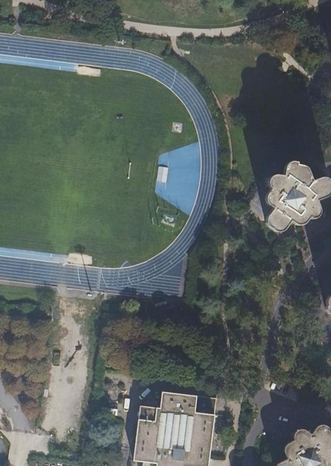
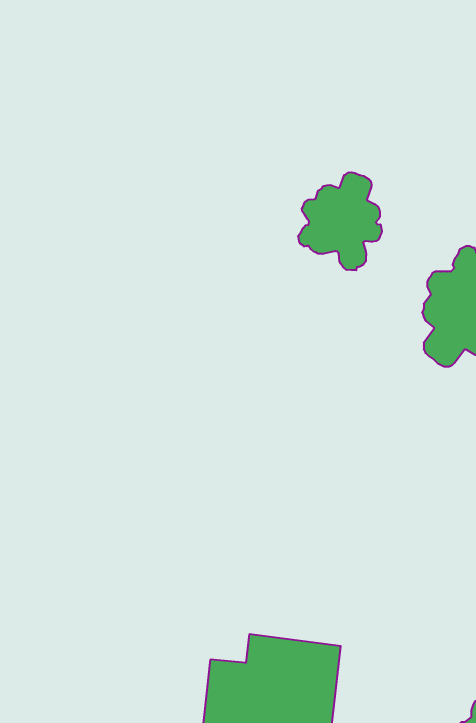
building: none -> [298,172,382,270]

